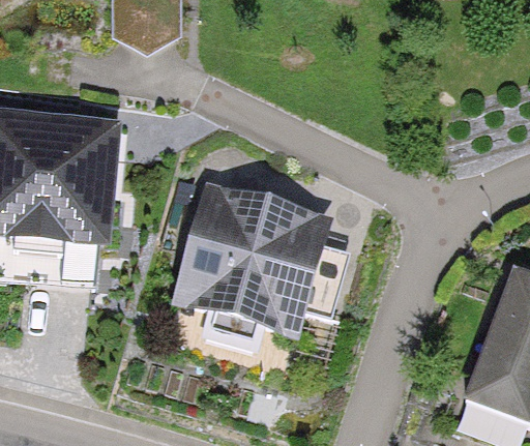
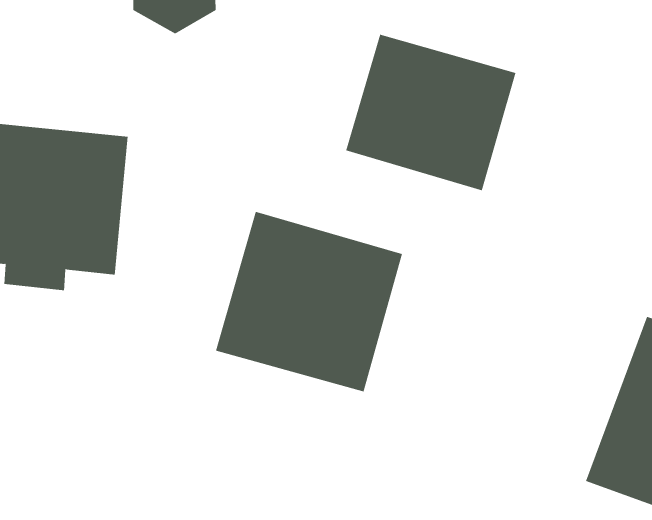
building: none -> [345,34,516,191]

